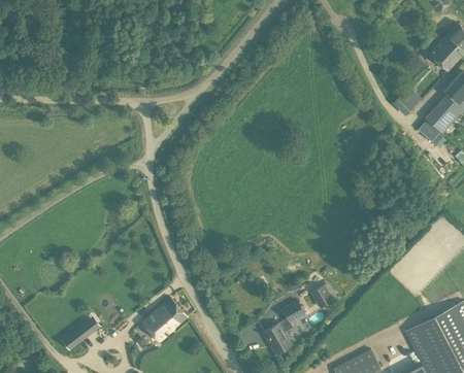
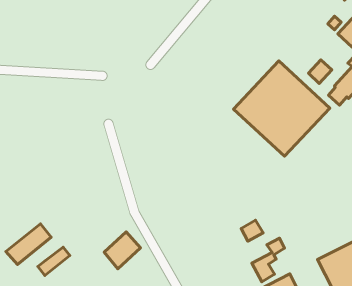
building: none -> [234,61,330,156]
building: none -> [6,224,51,265]
building: [262,302,302,355] -> [252,238,285,282]

